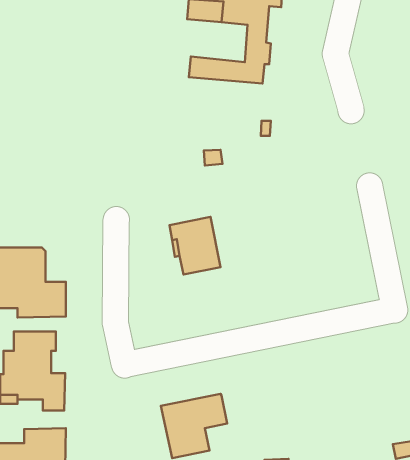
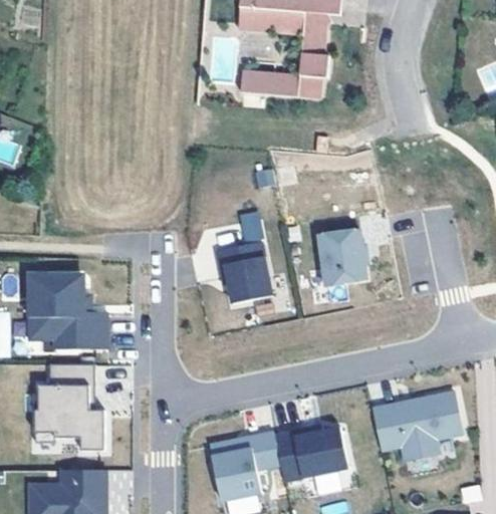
building: none -> [318,228,368,286]
building: none -> [371,392,461,460]
building: none -> [274,424,348,482]

